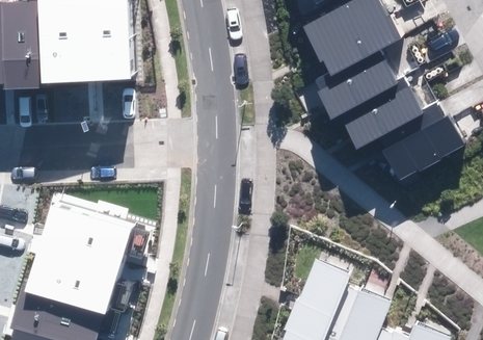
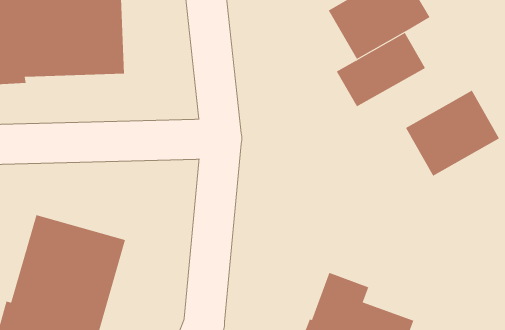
building: [347,70,428,137] -> none

